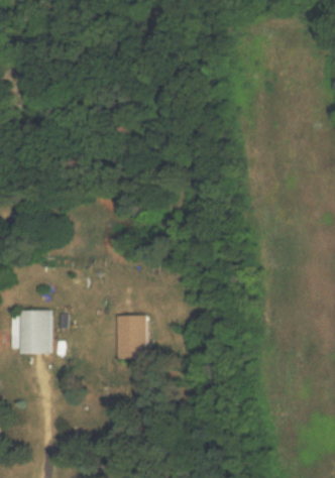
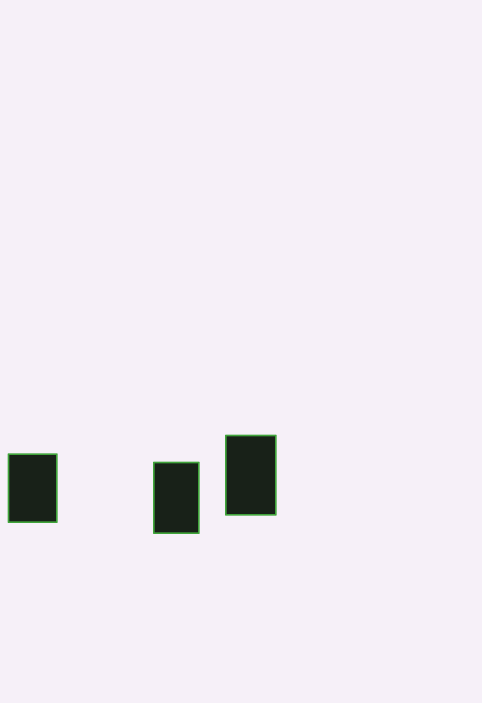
building: none -> [226,435,276,515]

